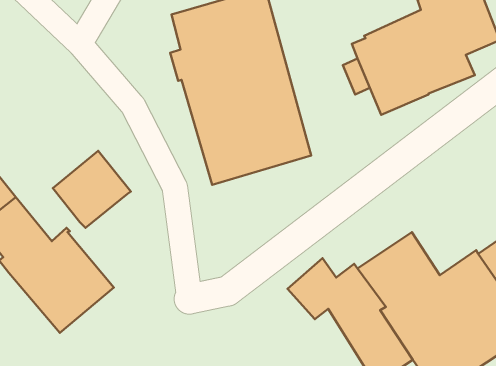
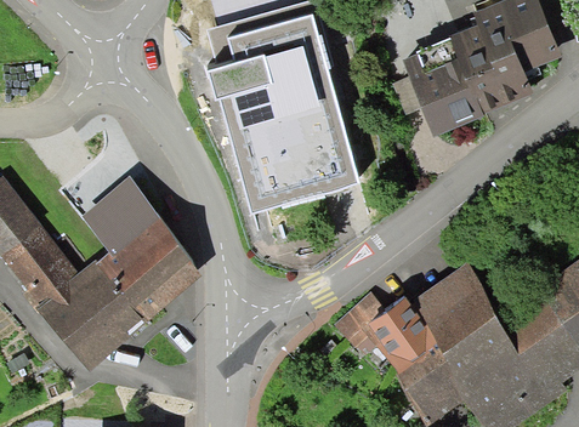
building: none -> [97,222,204,323]

